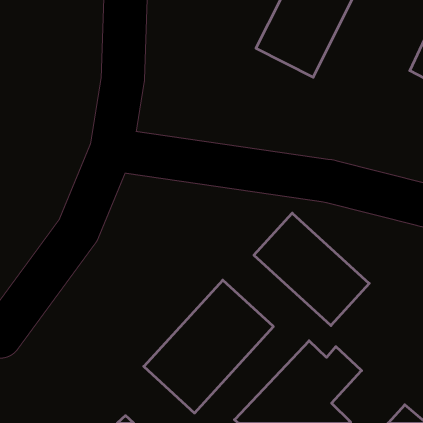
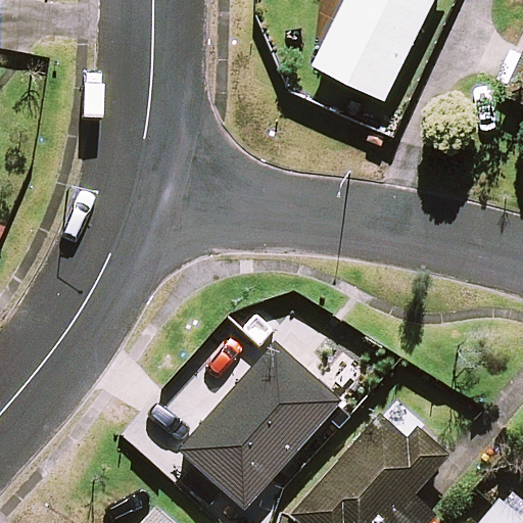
building: [254,213,369,326] -> none

